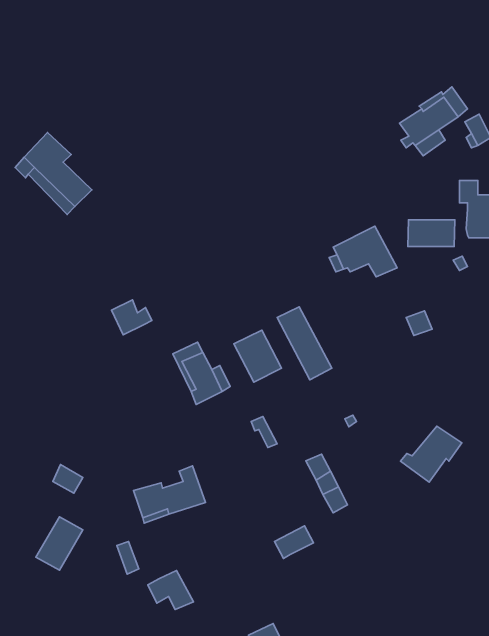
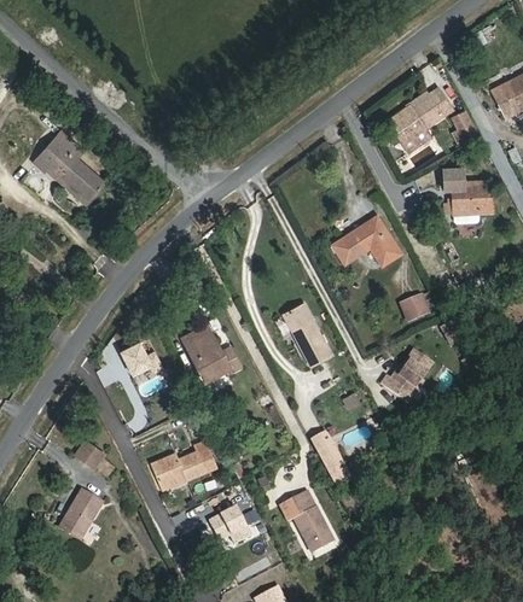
building: [408,220,455,246] -> none
building: [112,300,152,335] -> [120,341,157,374]
building: [234,330,282,382] -> none
building: [400,426,462,482] -> [379,350,436,402]
building: none -> [292,509,330,551]
building: [148,571,193,610] -> [207,503,249,539]

